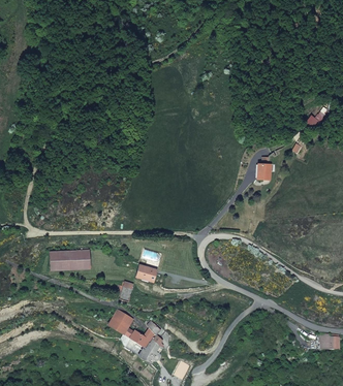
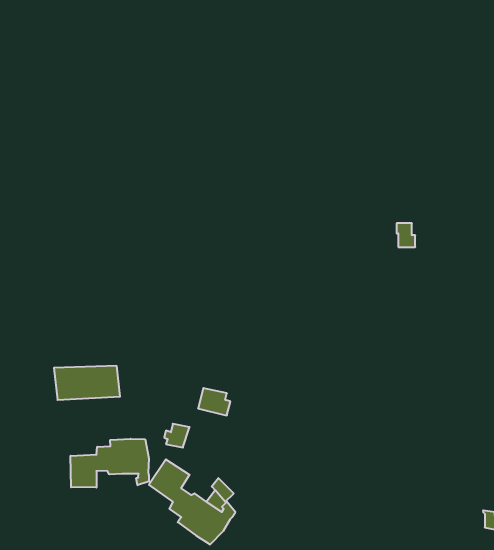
building: none -> [71,439,149,488]

